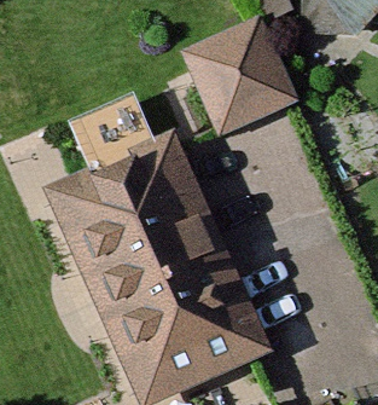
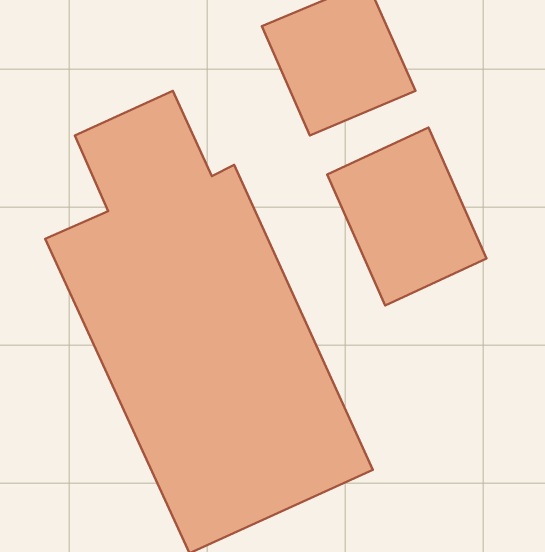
building: none -> [327,128,486,306]

